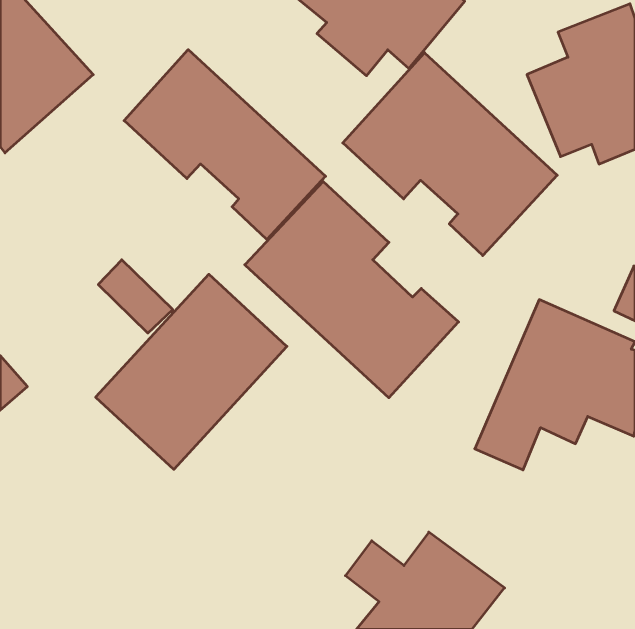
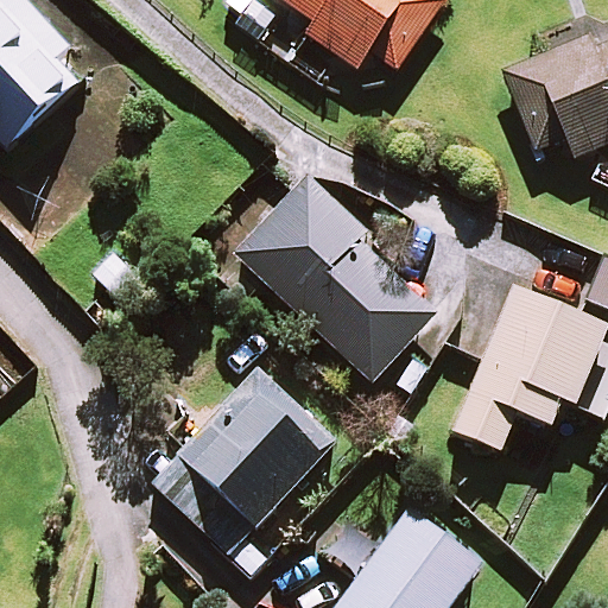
building: [124,50,326,239] -> none
building: [343,53,557,256] -> none
building: [96,274,287,469] -> [154,367,337,553]

